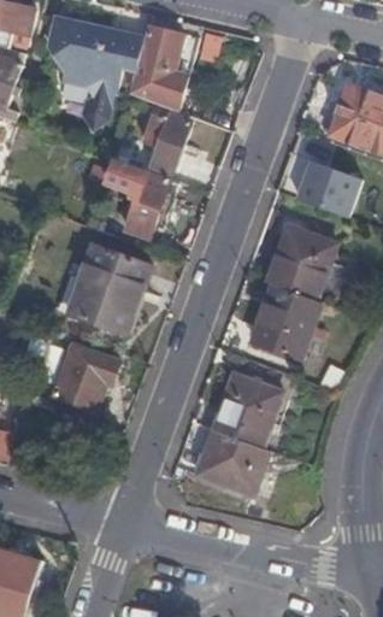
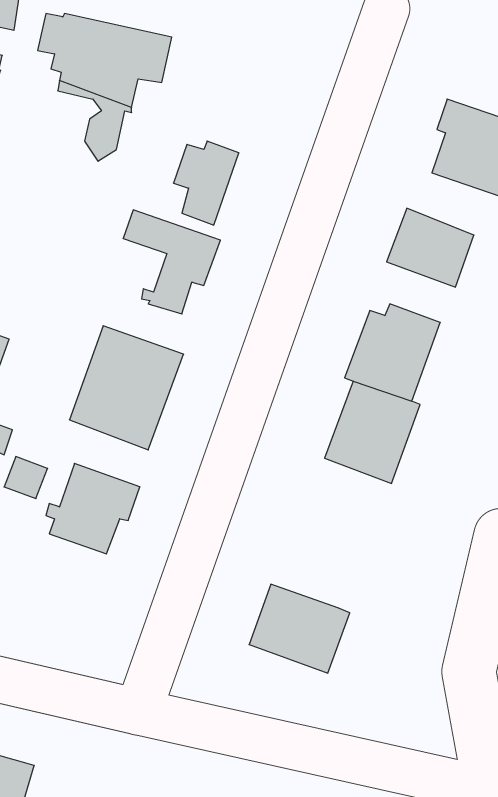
building: [128,25,183,112] -> none
building: [212,374,279,447] -> none

